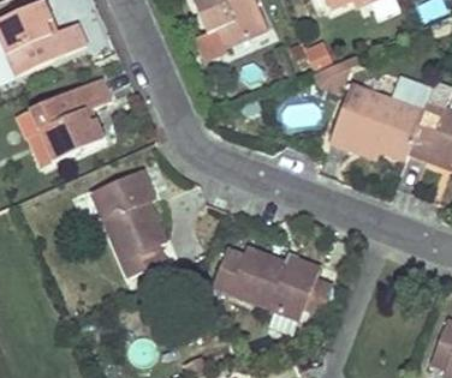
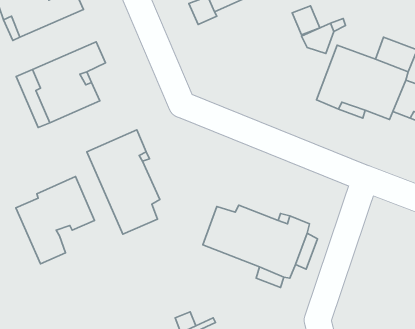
building: none -> [16,177,94,264]

